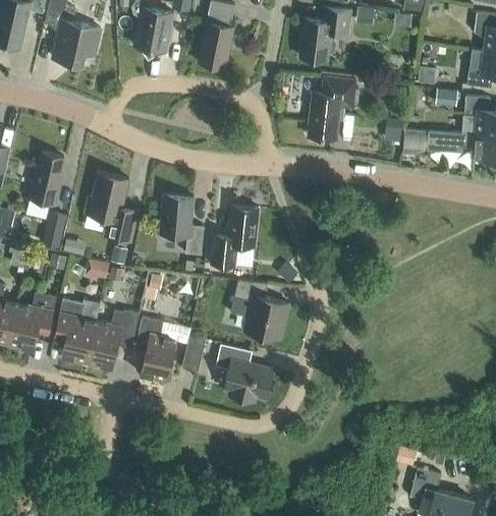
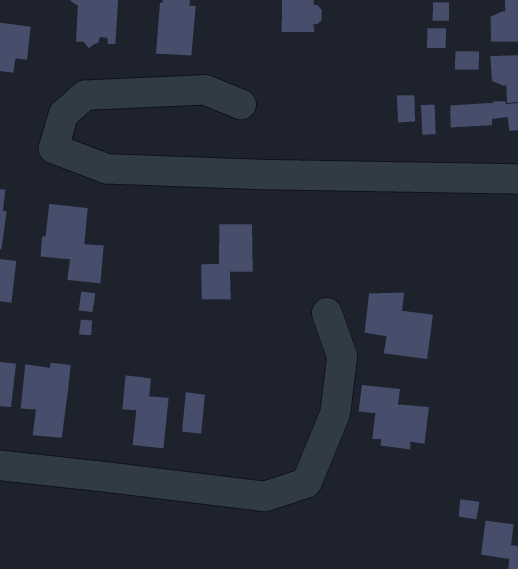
building: [308,76,356,139] -> none
building: [160,193,205,254] -> none
building: [231,280,289,339] -> [364,292,434,360]
building: [87,309,140,367] -> none
building: [216,344,274,401] -> [358,385,430,450]

